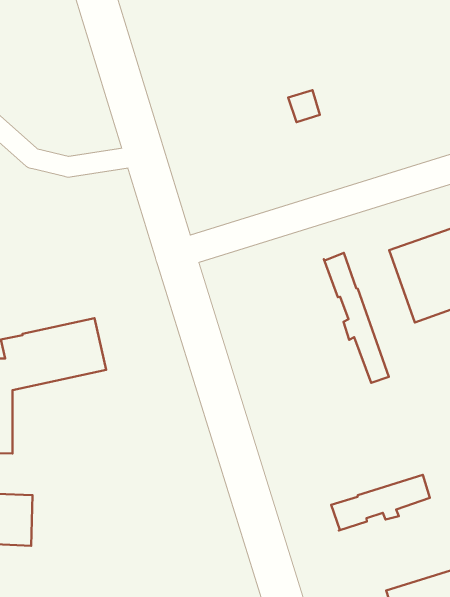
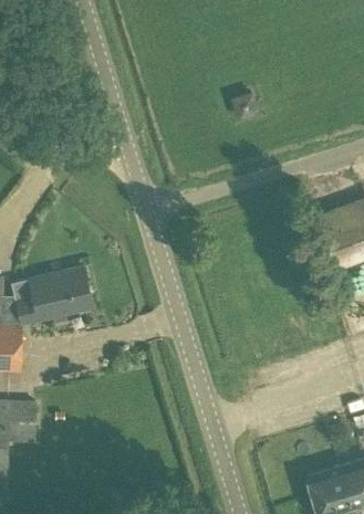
building: [324,253,389,383] -> none
building: [331,475,430,531] -> none

